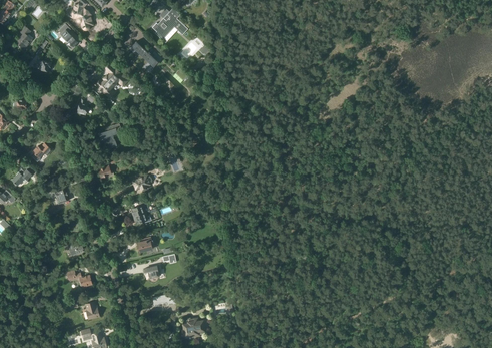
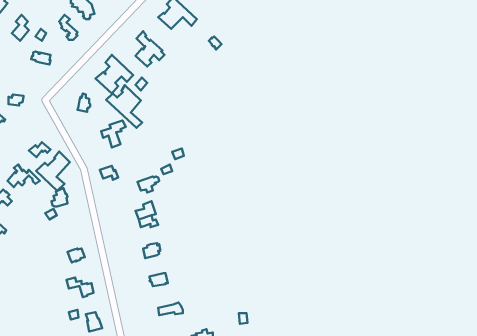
building: none -> [106,85,142,128]
building: none -> [36,151,70,191]

